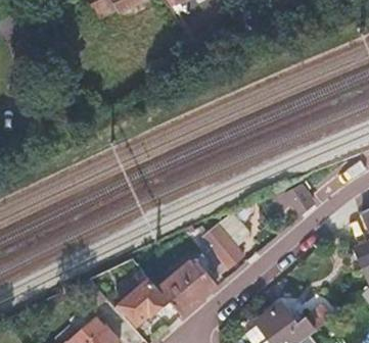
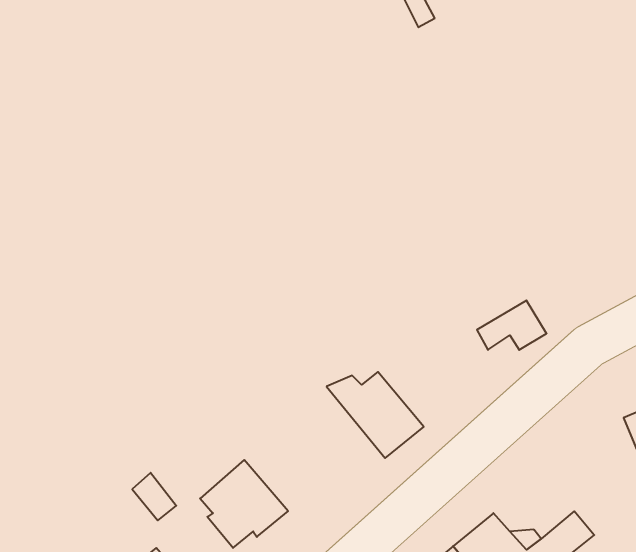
building: [159,260,217,314] -> none

